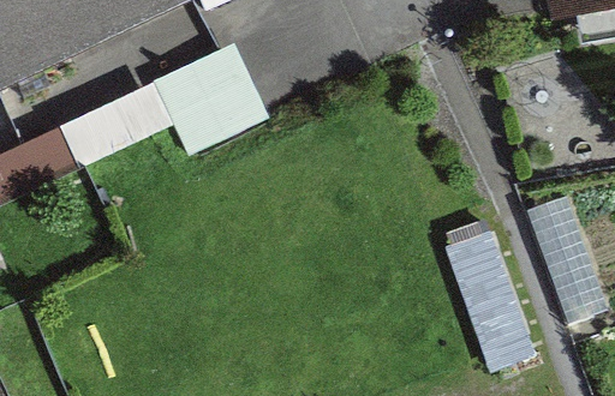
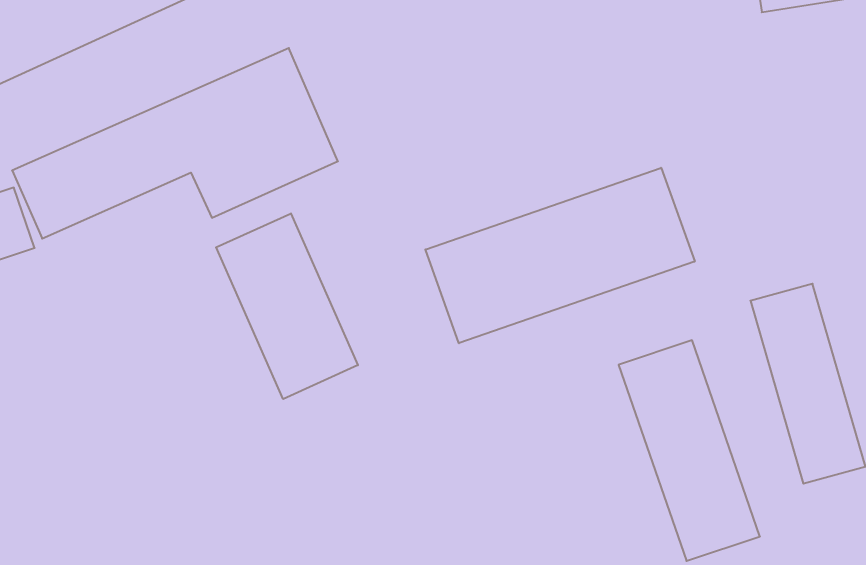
building: none -> [425,168,695,343]
building: none -> [216,213,358,399]

